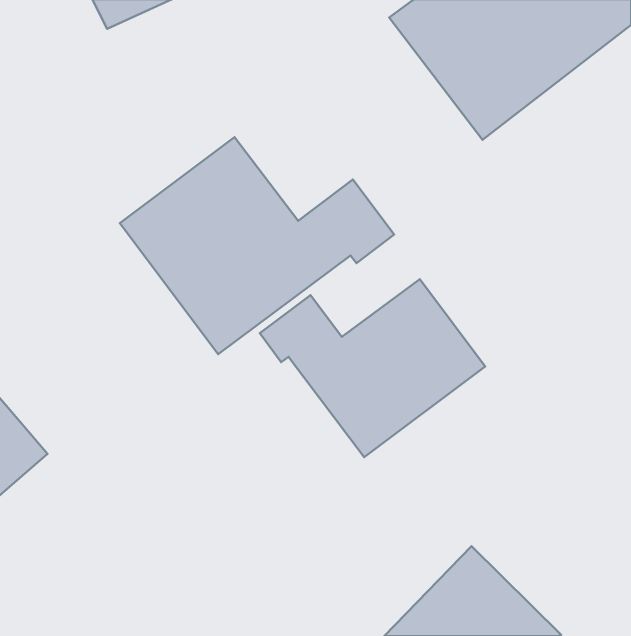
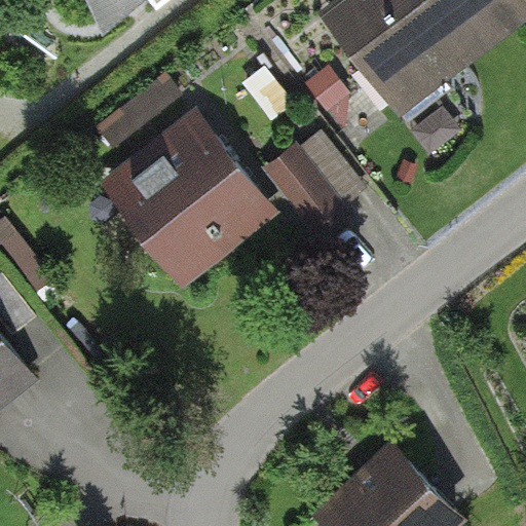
building: [260,279,485,457] -> none

